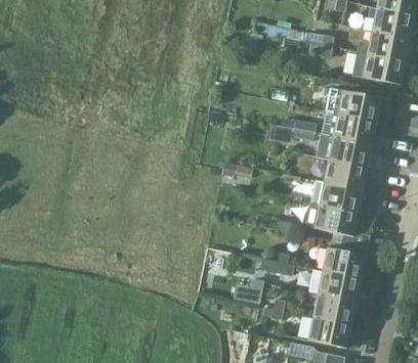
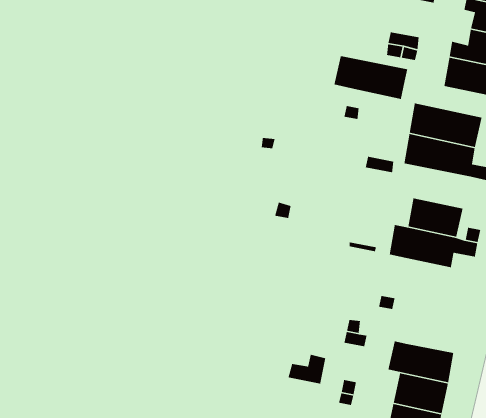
building: [315,133,372,167] -> [333,56,408,100]
building: [304,202,370,247] -> none
building: [323,246,365,277] -> none

